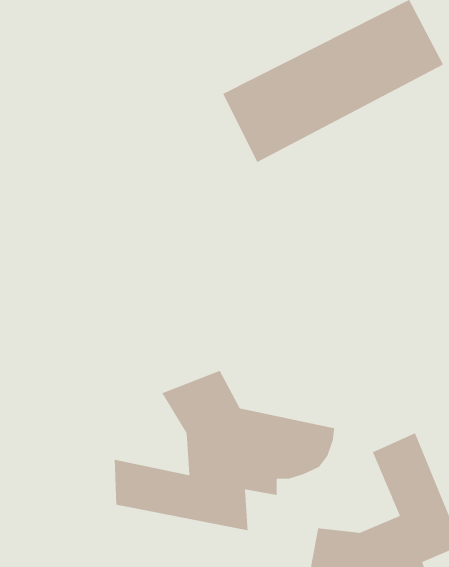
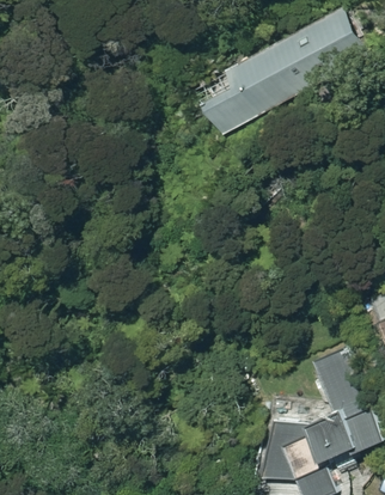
building: [114,370,335,531] -> none

